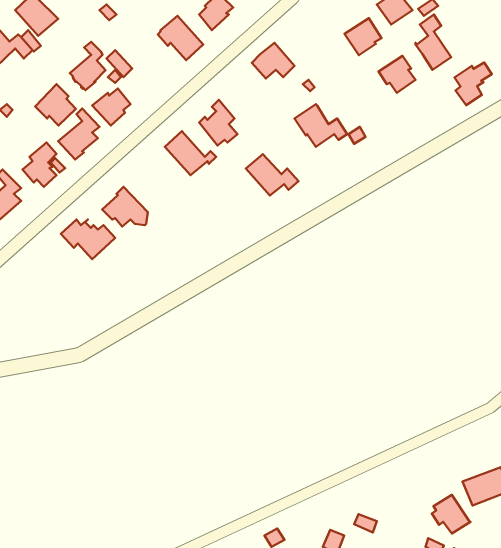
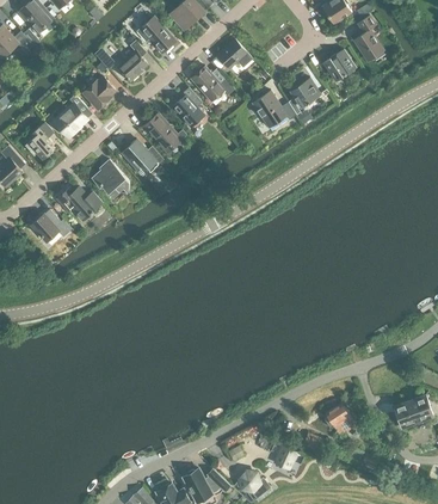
building: [345,18,382,55] -> [289,76,320,107]
building: [70,42,105,90] -> [117,39,147,80]
building: [454,62,492,105] -> none
building: [35,84,76,126] -> none
building: [246,154,298,195] -> [190,66,234,100]
building: none -> [122,139,164,173]
building: none -> [31,209,72,241]
building: [432,495,470,533] -> [322,401,354,434]

